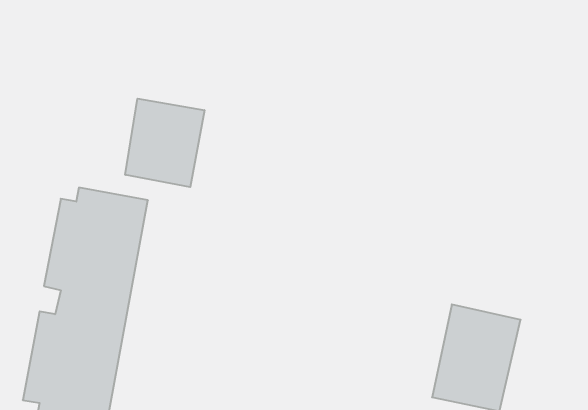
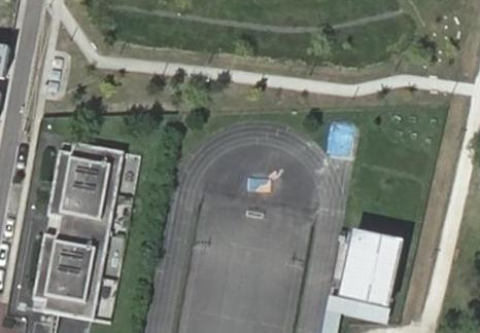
building: [125,99,204,187] -> none

